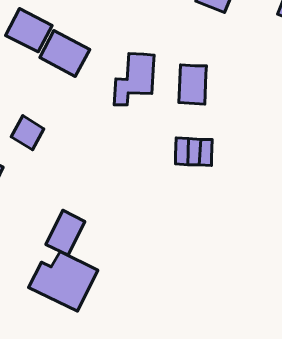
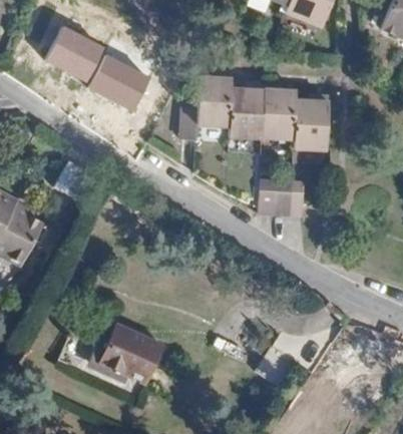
building: none -> [228,92,263,139]
building: none -> [292,104,327,151]
building: [46,210,85,255] -> none

